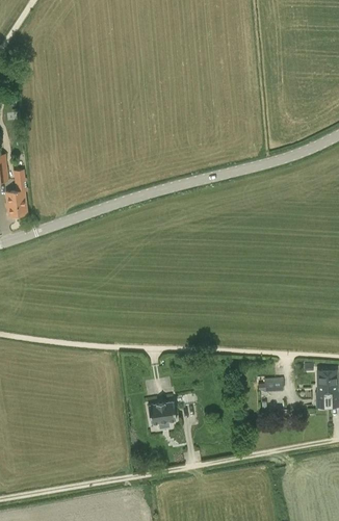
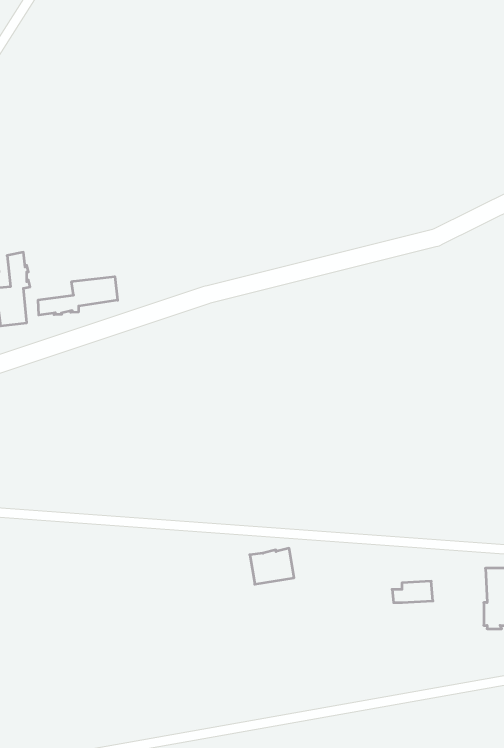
building: none -> [38,277,118,315]
building: [148,401,176,424] -> [250,548,294,584]

